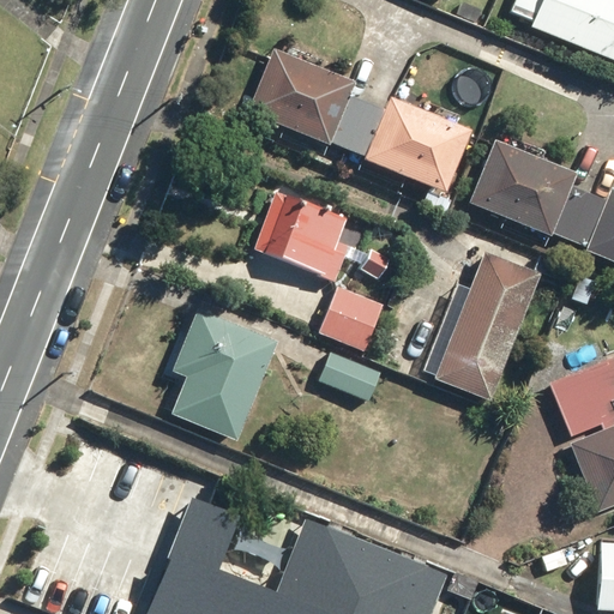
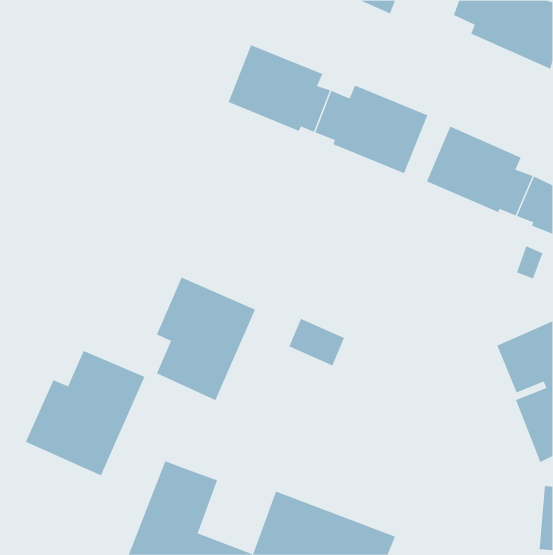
building: [245,186,349,277] -> none
building: [426,251,544,402] -> none
building: [319,284,387,350] -> none
building: none -> [25,350,145,476]

